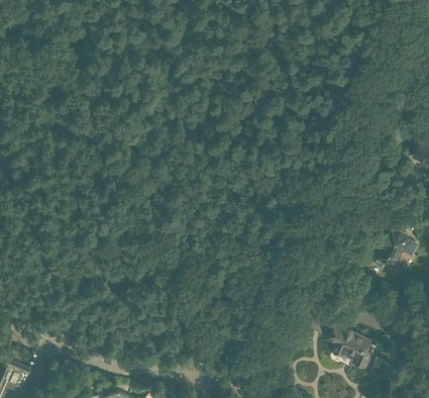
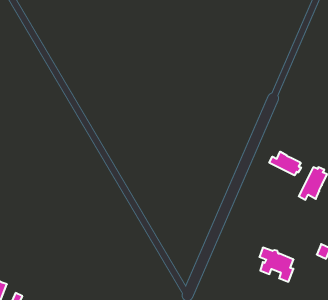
building: none -> [269,152,301,175]

